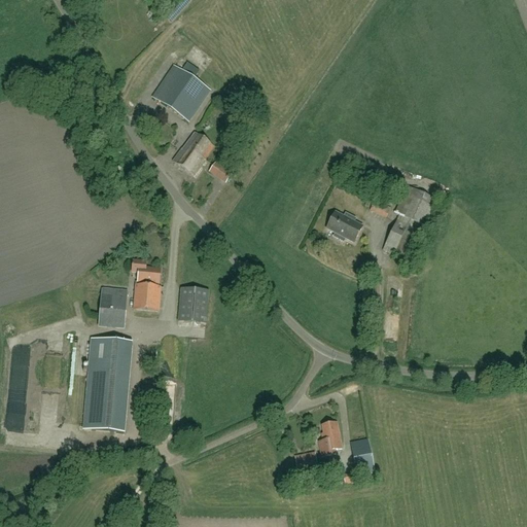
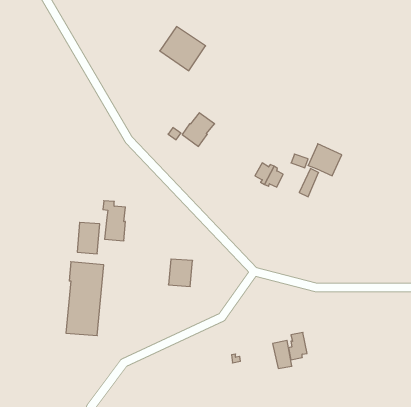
building: [152,63,211,119] -> [160,27,206,71]
building: [173,130,214,173] -> [182,113,215,146]
building: [178,285,209,320] -> [168,259,193,286]
building: [318,419,342,454] -> [289,332,307,360]

